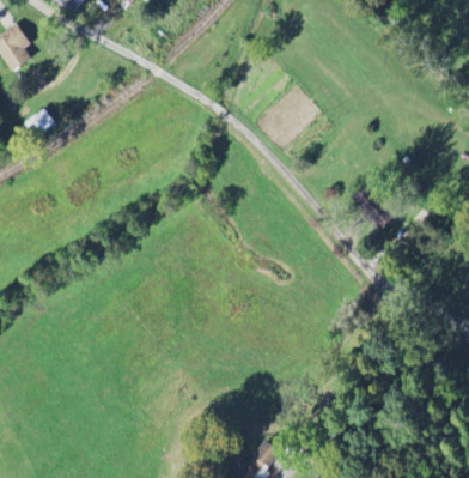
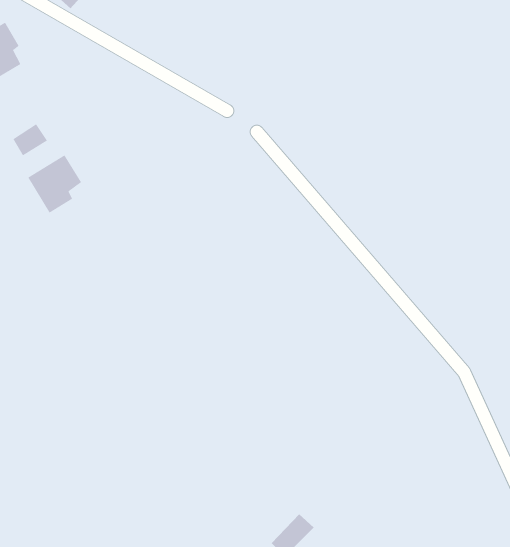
building: none -> [27,154,82,214]

